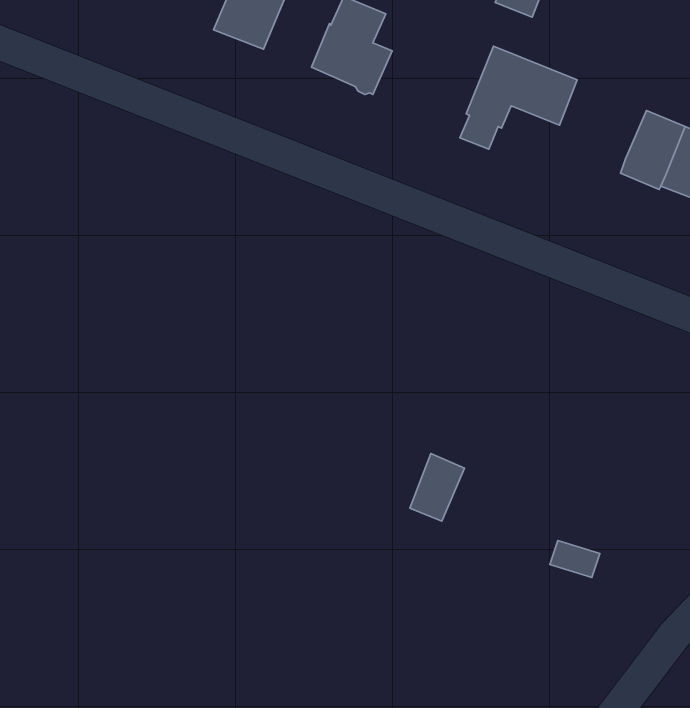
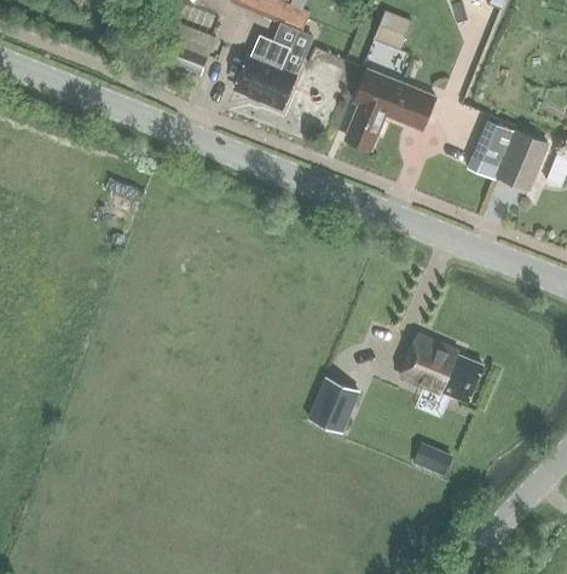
building: none -> [400,335,482,401]

